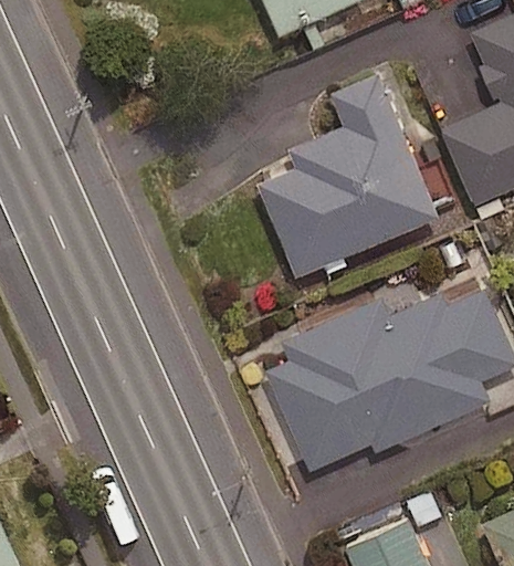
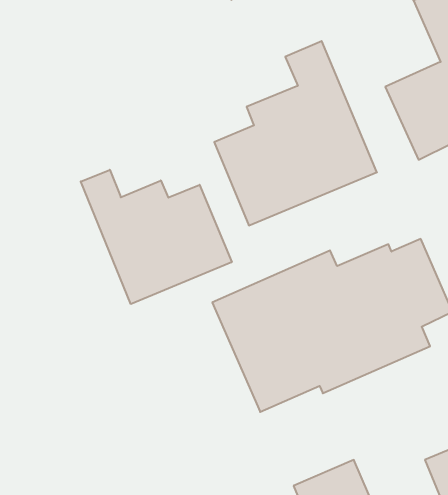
building: none -> [81,170,232,304]

